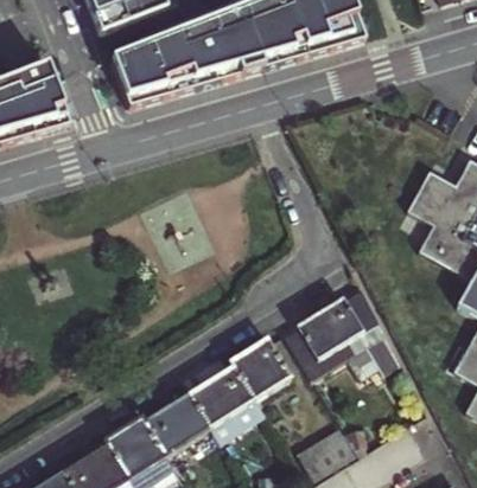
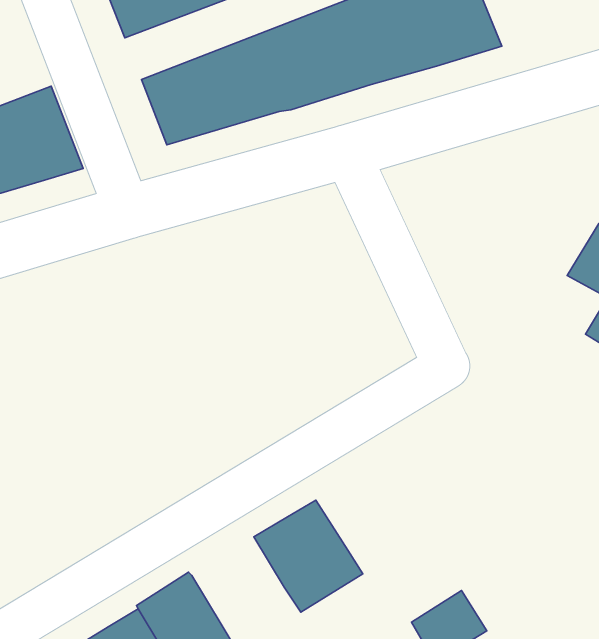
building: [288,282,405,374] -> none
building: [234,333,295,394] -> none
building: [147,385,212,448] -> none

